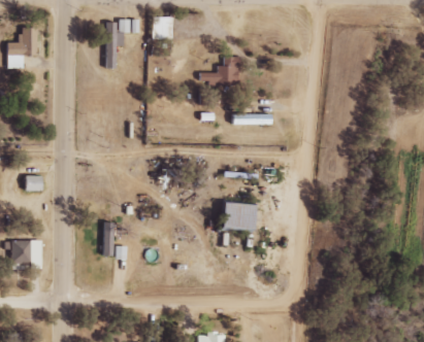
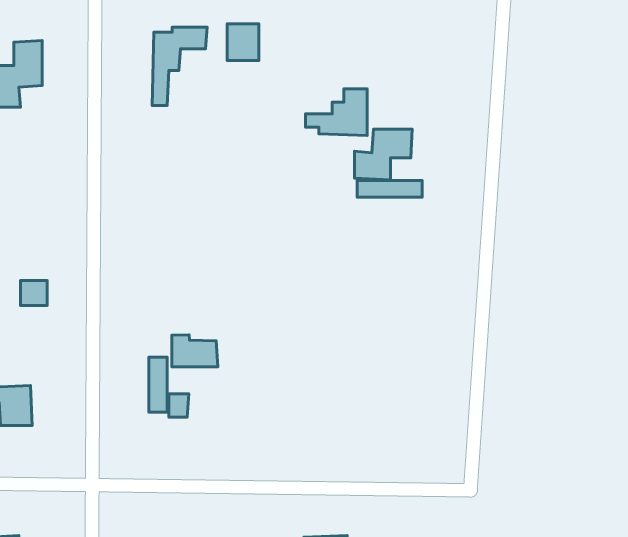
building: none -> [355,129,412,180]
building: [219,204,254,230] -> none
building: none -> [172,335,218,367]

